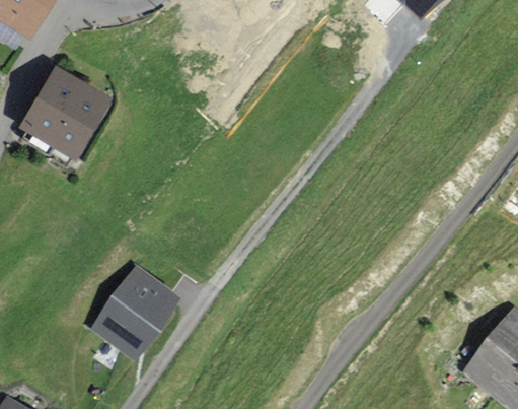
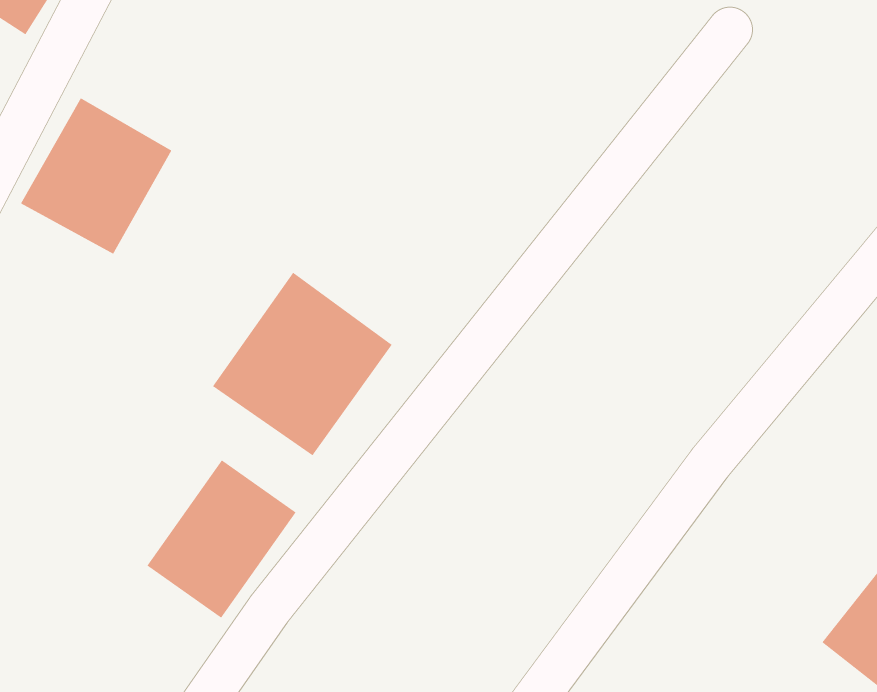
building: none -> [212,272,393,456]

